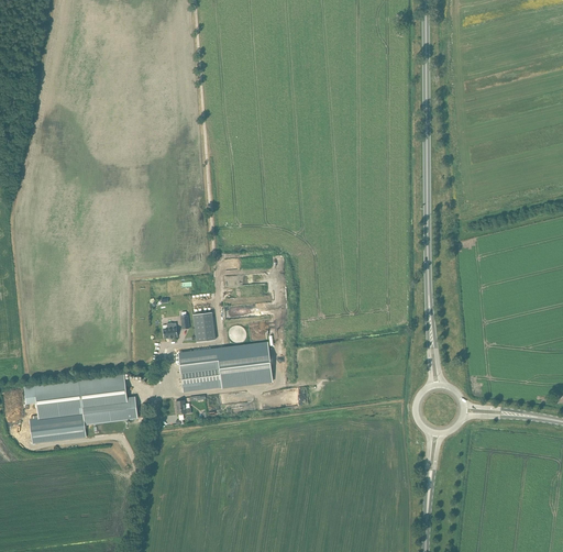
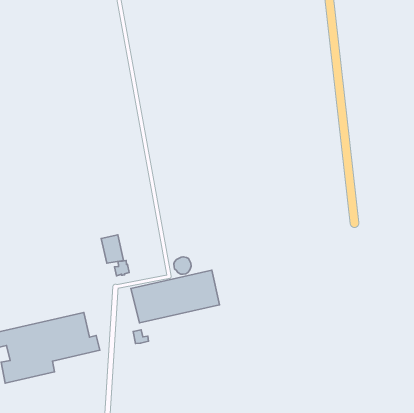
building: [192,311,214,341] -> [101,235,124,263]

